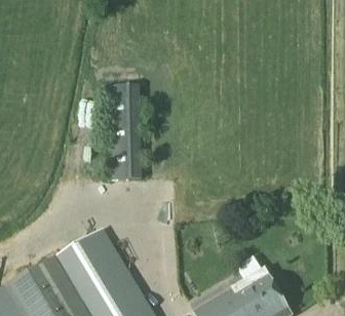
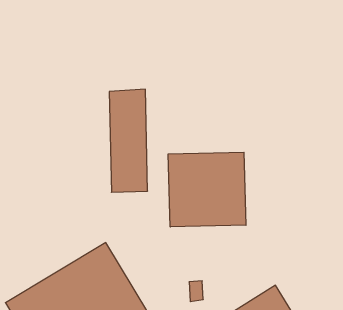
building: none -> [168,152,246,227]

